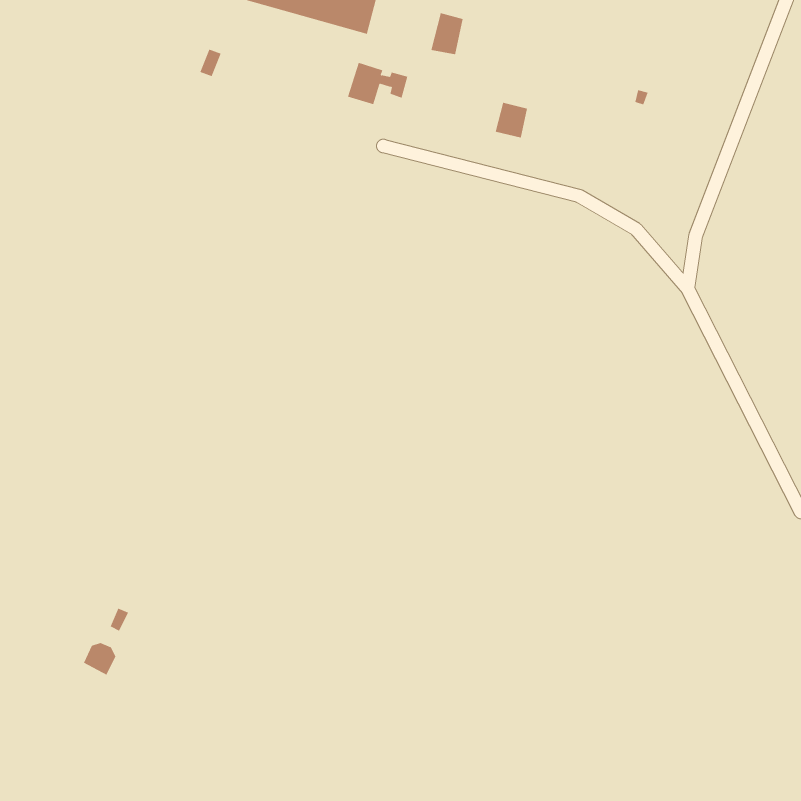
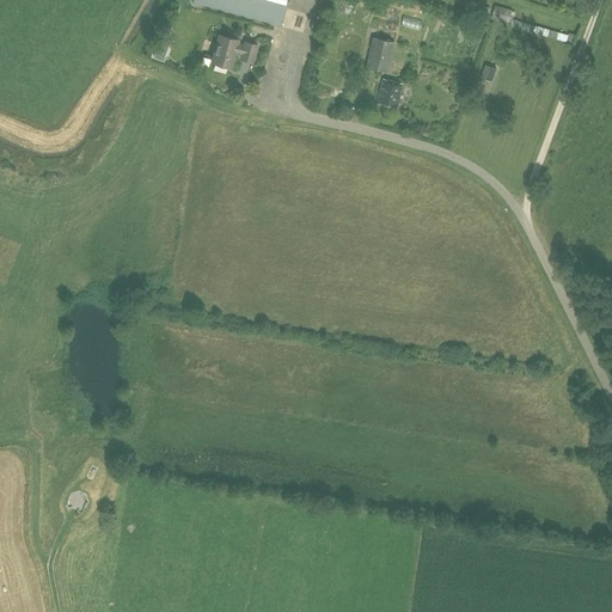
building: [431,13,464,55] -> [367,36,392,68]
building: [347,62,408,105] -> [210,33,257,66]

